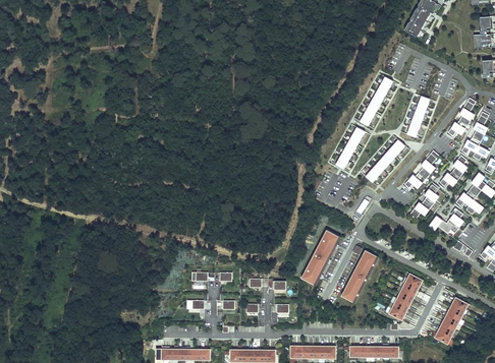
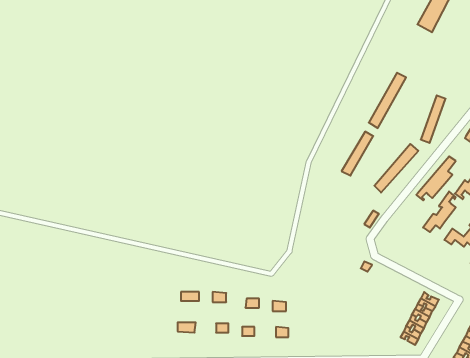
building: [301,229,341,285] -> none
building: [341,250,379,302] -> none

